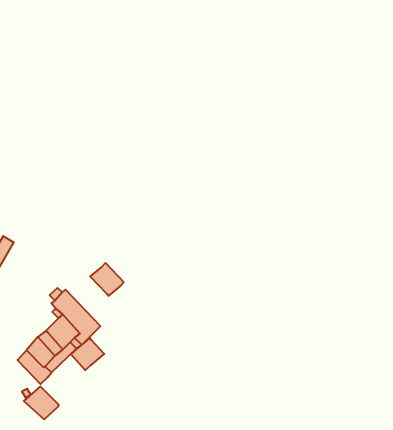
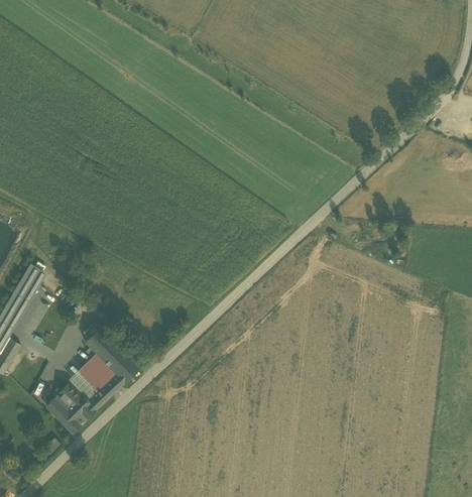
building: [90,263,124,296] -> none
building: [71,338,104,370] -> none
building: [24,387,59,419] -> none

